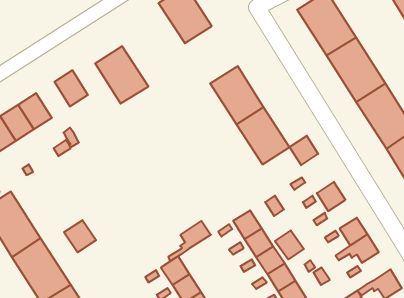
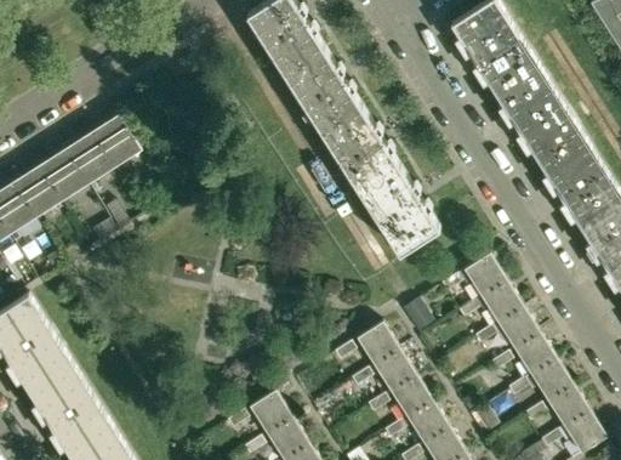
building: [95,46,148,104] -> [285,50,364,135]
building: none -> [65,132,115,186]
building: [290,136,318,165] -> [463,254,506,297]
building: none -> [497,307,540,350]
building: [64,220,96,252] -> none
building: [168,221,211,261] -> none
building: [275,230,304,259] -> none
building: none -> [547,385,589,427]

